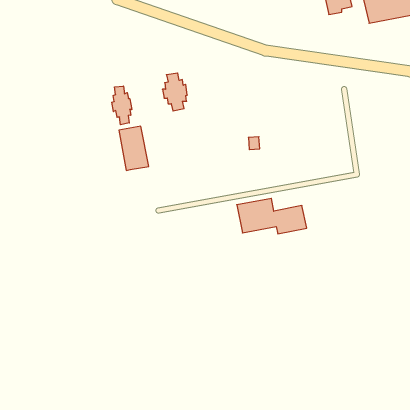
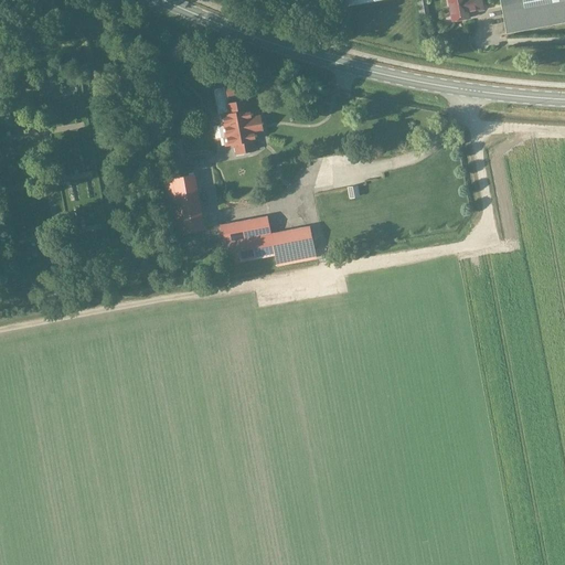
building: [112,86,132,125] -> none
building: [237,198,307,234] -> [221,215,317,264]

